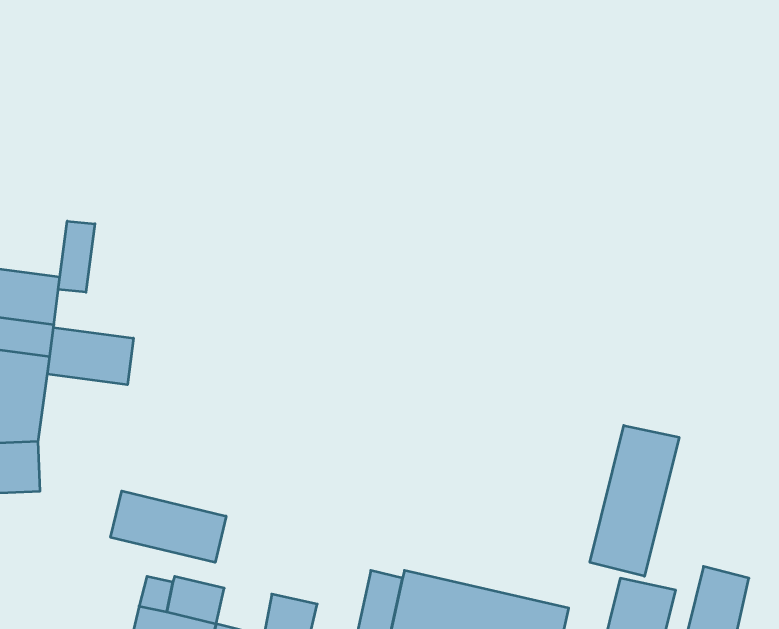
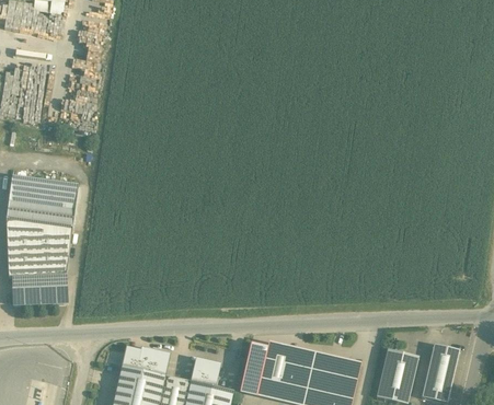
building: [58,221,95,292] -> none
building: [48,328,133,385] -> none
building: [590,425,679,576] -> none
building: [111,491,226,562] -> none

